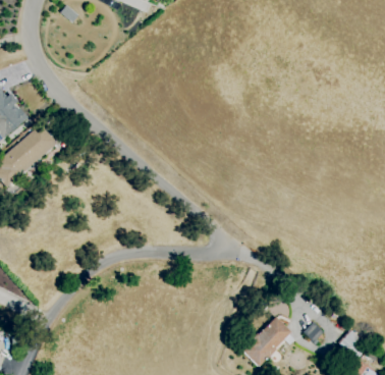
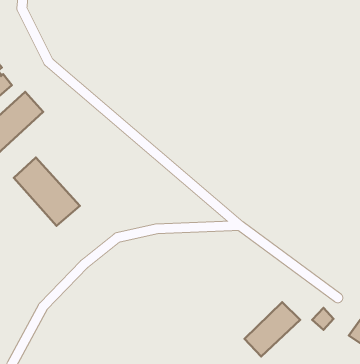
building: none -> [14,158,80,226]

